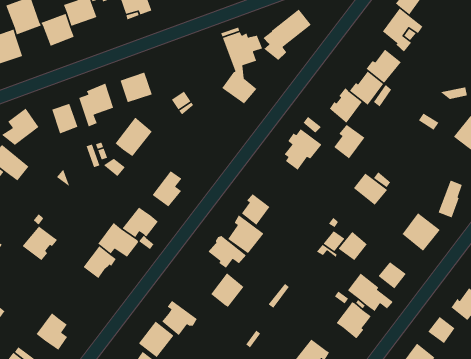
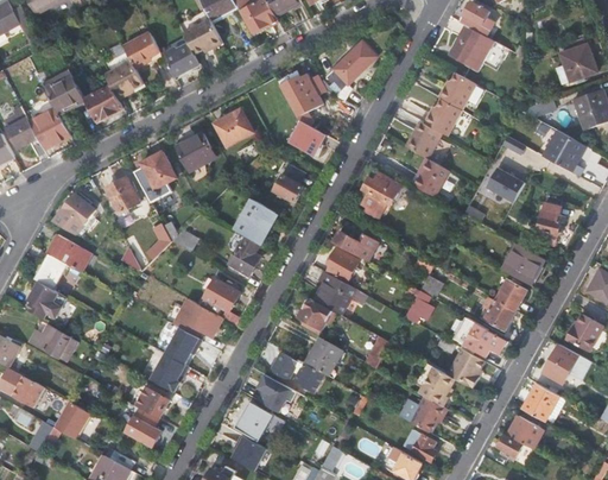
building: none -> [214,109,252,145]
building: none -> [270,169,299,207]
building: [115,117,153,157] -> [235,197,274,241]
building: [353,172,388,206] -> [487,168,525,202]
building: none -> [334,232,379,261]
building: [21,225,58,261] -> [150,353,188,391]
building: [337,231,368,261] -> [494,278,526,310]
building: none -> [272,353,324,392]
building: none -> [137,386,169,417]
building: none -> [418,367,452,405]

